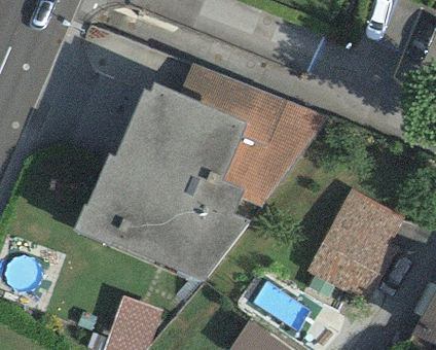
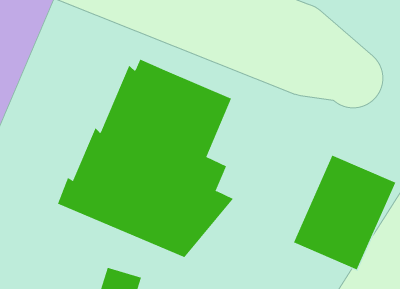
building: [181,65,328,209] -> none

